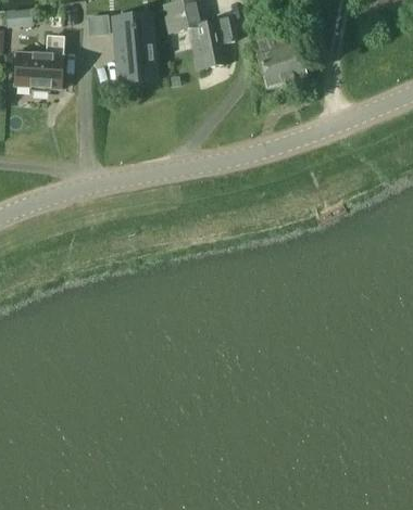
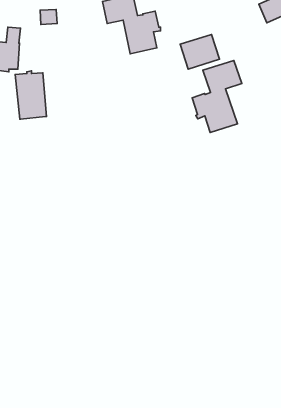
building: [115,23,153,81] -> [15,71,47,119]
building: none -> [192,61,242,132]

